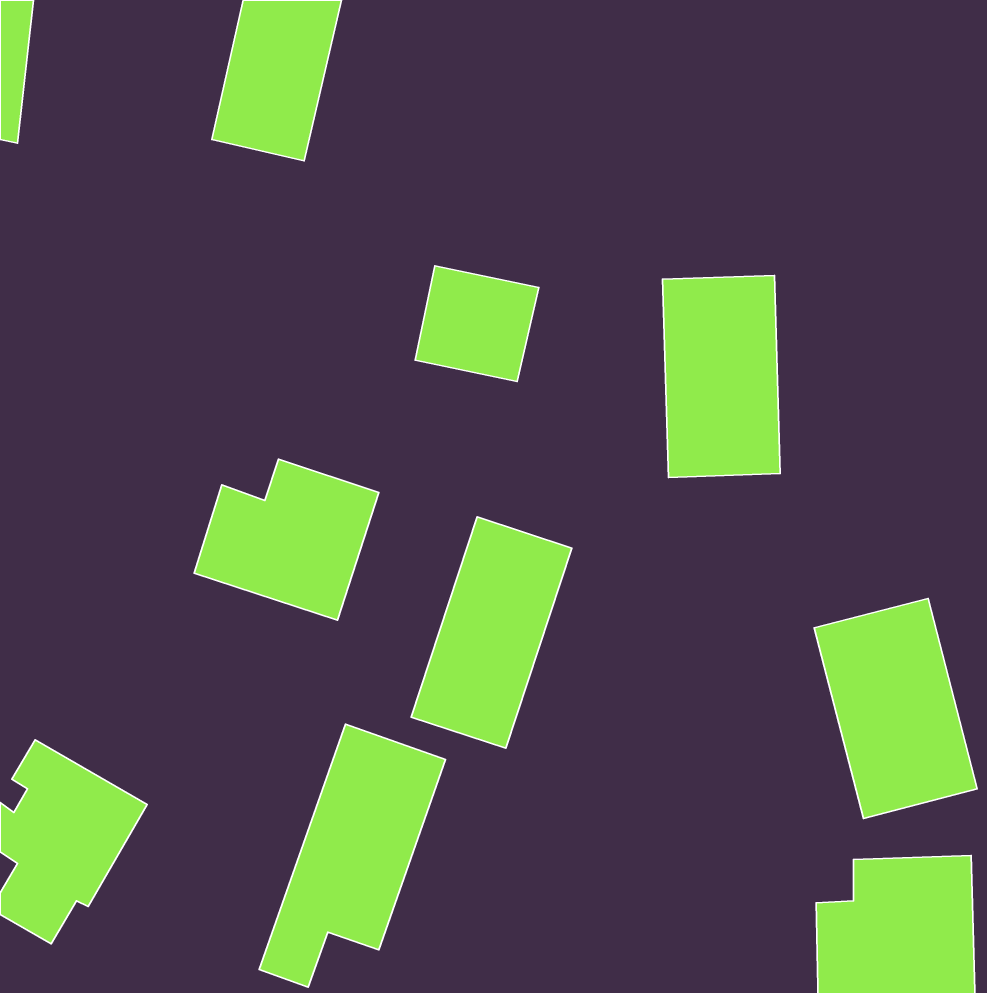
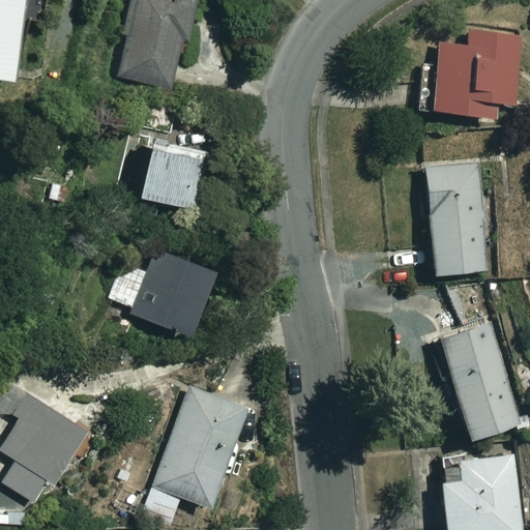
building: none -> [420,31,524,118]
building: [415,266,539,382] -> [131,144,197,205]
building: [663,275,780,477] -> [426,167,489,273]
building: [411,517,572,748] -> none

